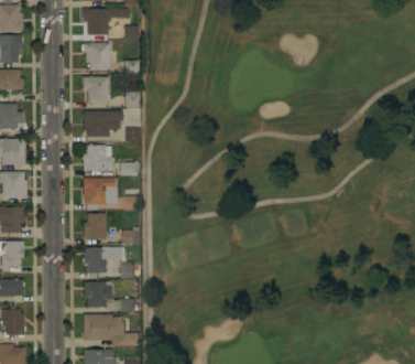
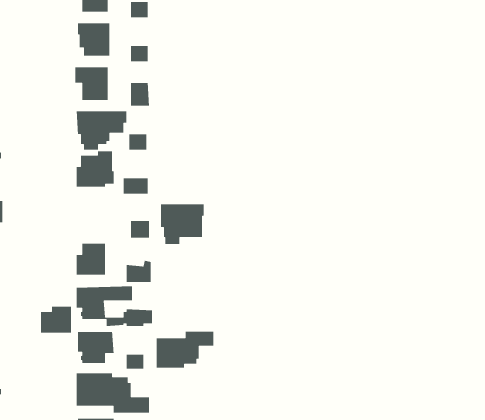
building: [83,178,117,210] -> [160,204,204,245]
building: none -> [40,306,72,333]
building: none -> [156,331,214,368]

